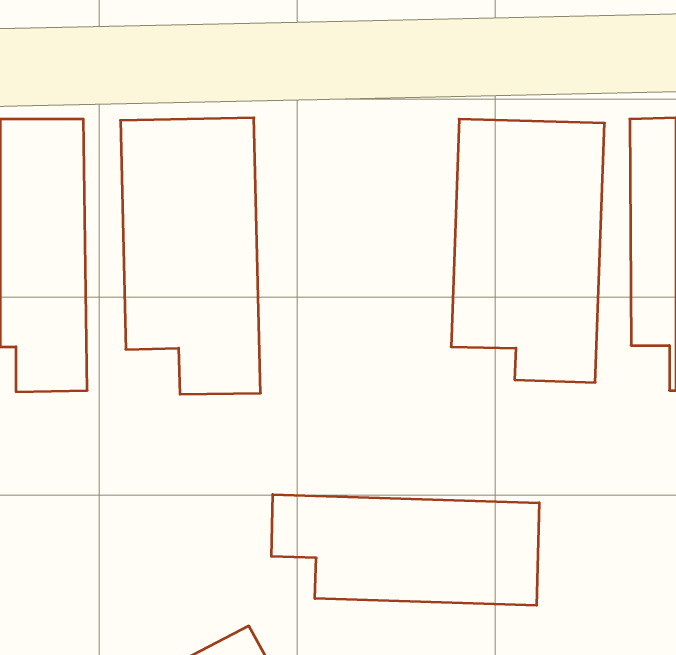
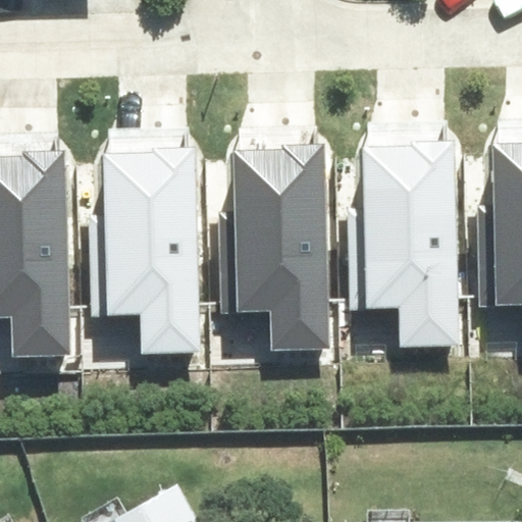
building: none -> [224,114,326,317]
building: [271,494,539,605] -> none

